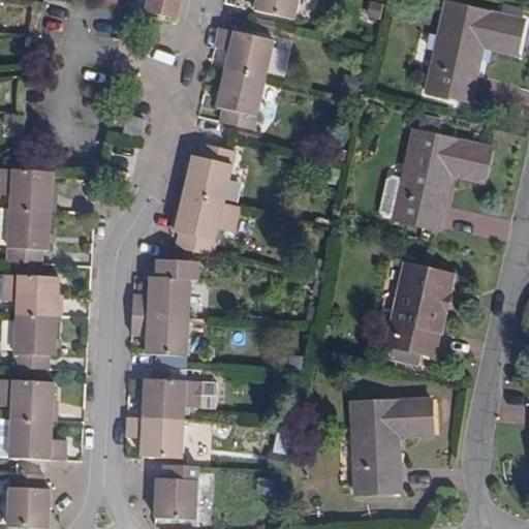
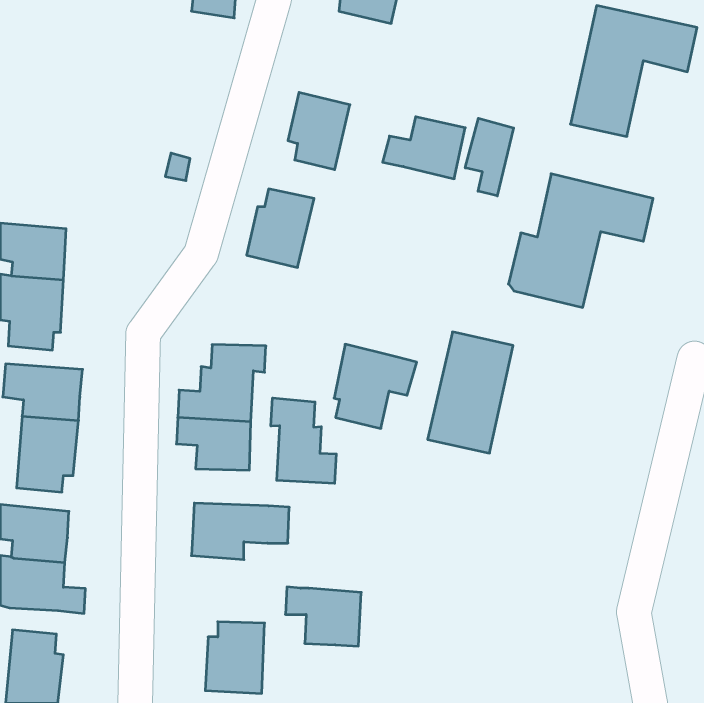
building: [209,32,271,79] -> [383,117,465,179]
building: none -> [465,118,514,196]
building: [177,191,239,254] -> [334,344,417,428]
building: [387,266,452,356] -> [428,332,513,453]
building: none -> [271,398,336,483]
building: [352,400,432,494] -> none
building: [126,415,183,460] -> [285,587,361,646]

